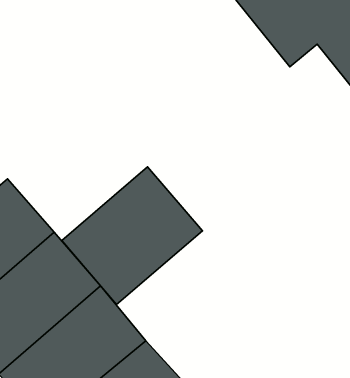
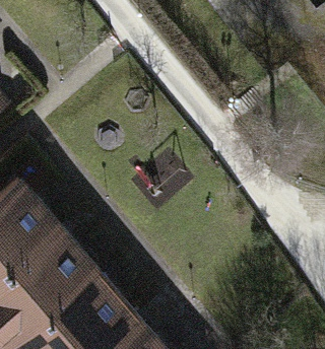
building: [62,167,202,305] -> none

